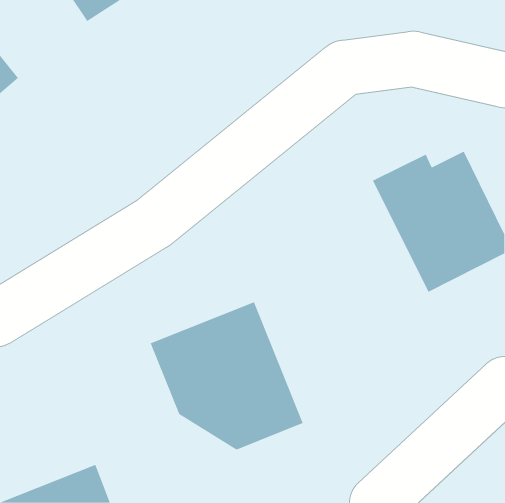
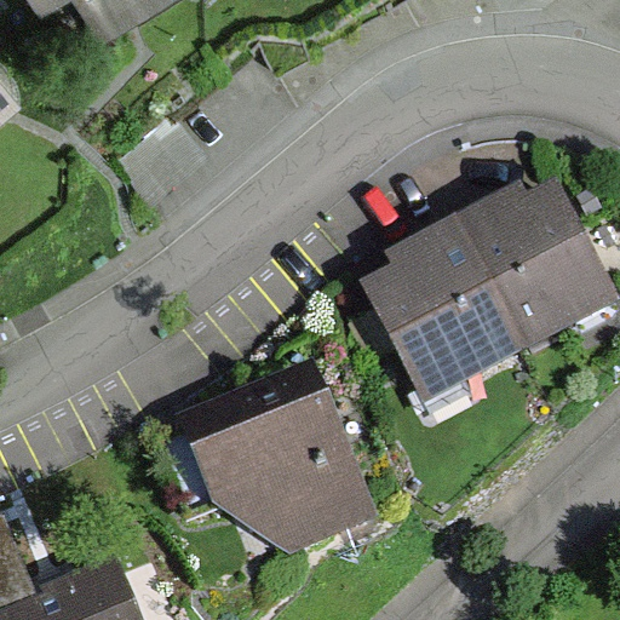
building: none -> [354,219,519,407]

